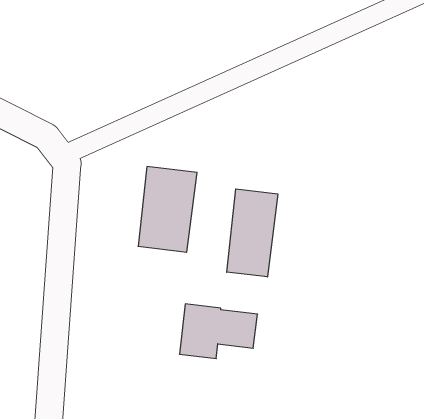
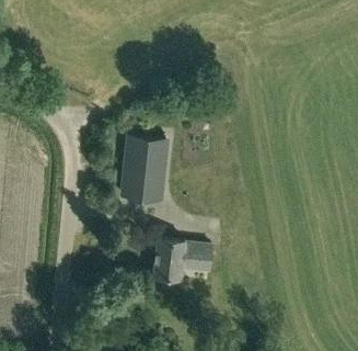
building: [227,189,278,277] -> none

